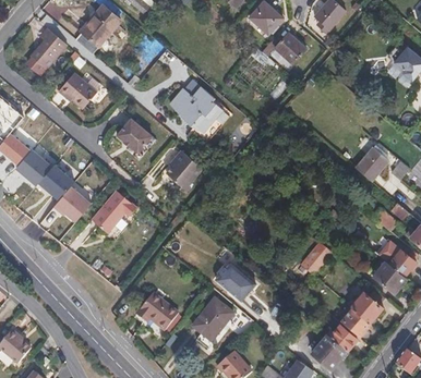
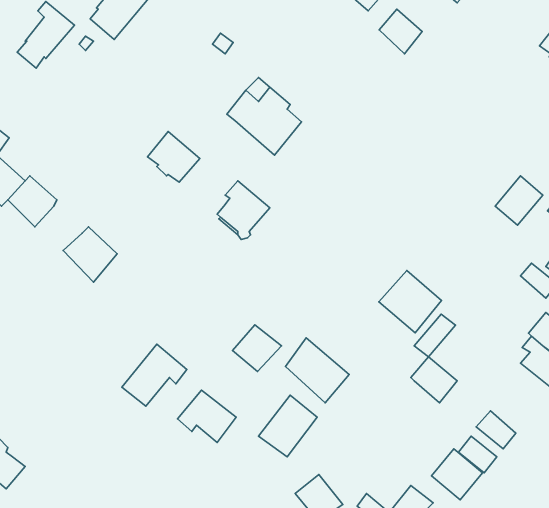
building: [57,73,95,109] -> none
building: [34,168,71,204] -> none
building: [91,190,135,232] -> [122,344,187,406]
building: none -> [379,270,442,333]
building: none -> [232,325,281,372]
building: [349,292,381,324] -> [411,357,457,403]

